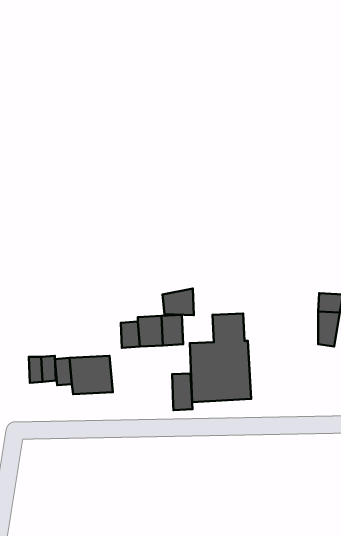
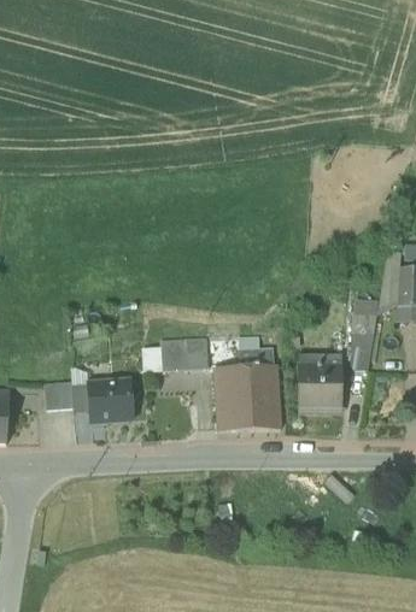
building: [162,289,194,315] -> none
building: none -> [298,353,341,411]
building: [172,373,193,410] -> none

